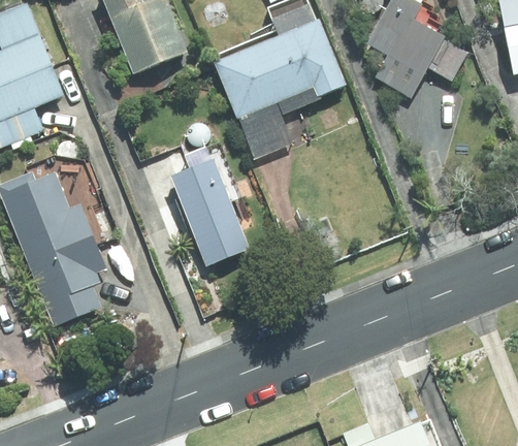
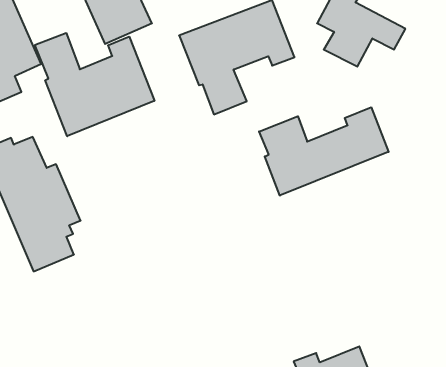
building: none -> [35,33,154,136]
building: none -> [259,107,389,196]
building: [170,162,248,265] -> none

